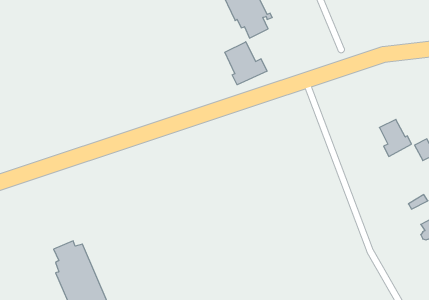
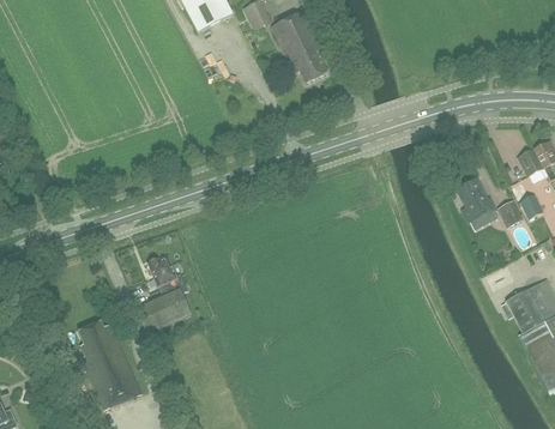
building: [225,42,267,85] -> none
building: none -> [135,255,191,332]

